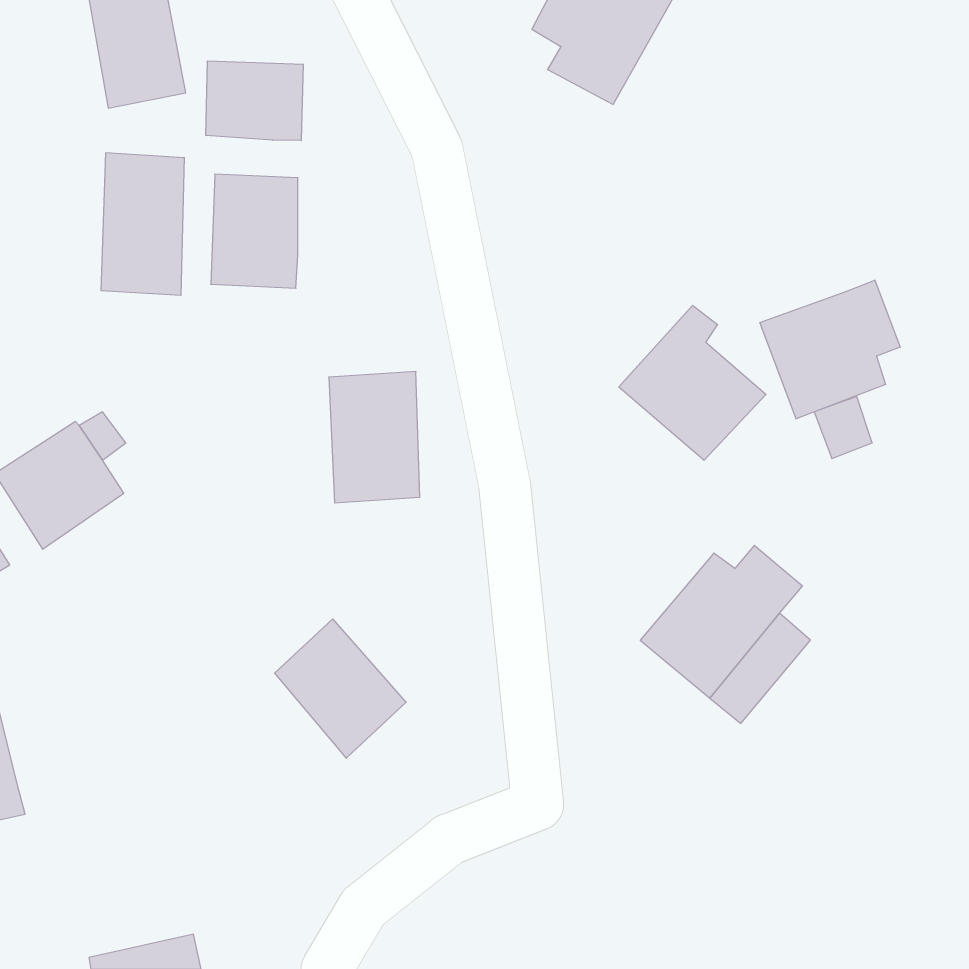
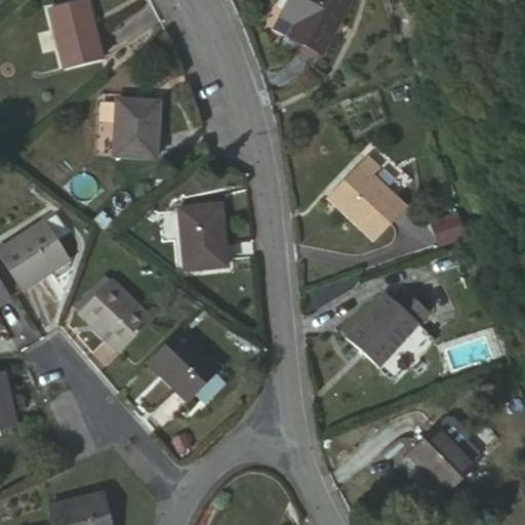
building: [206,61,303,141] -> none
building: [101,153,184,295] -> none
building: [760,280,900,419] -> none
building: none -> [80,273,152,348]
building: none -> [409,417,480,494]

